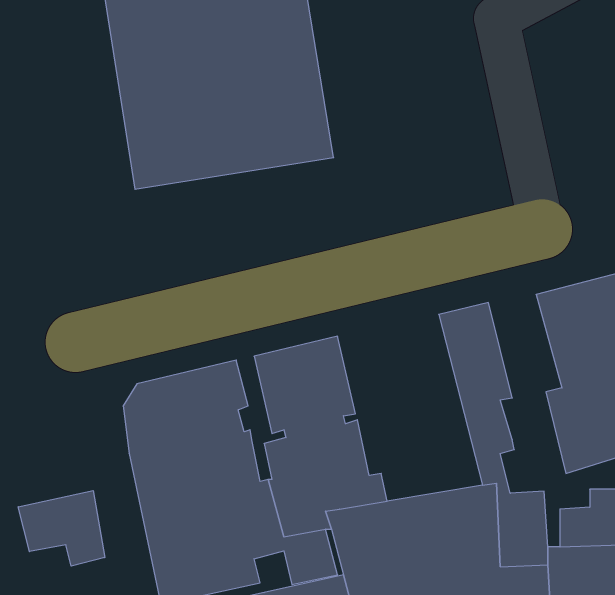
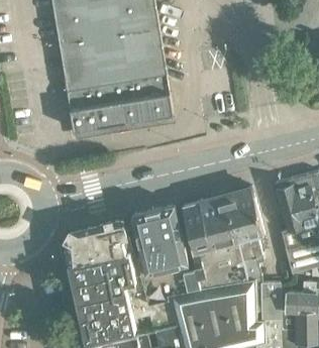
building: none -> [185,194,248,288]
building: [18,491,105,566] -> none

